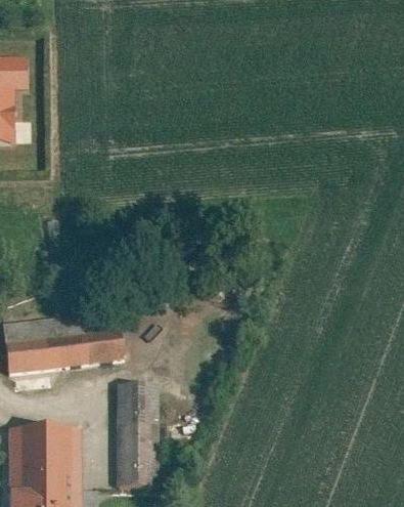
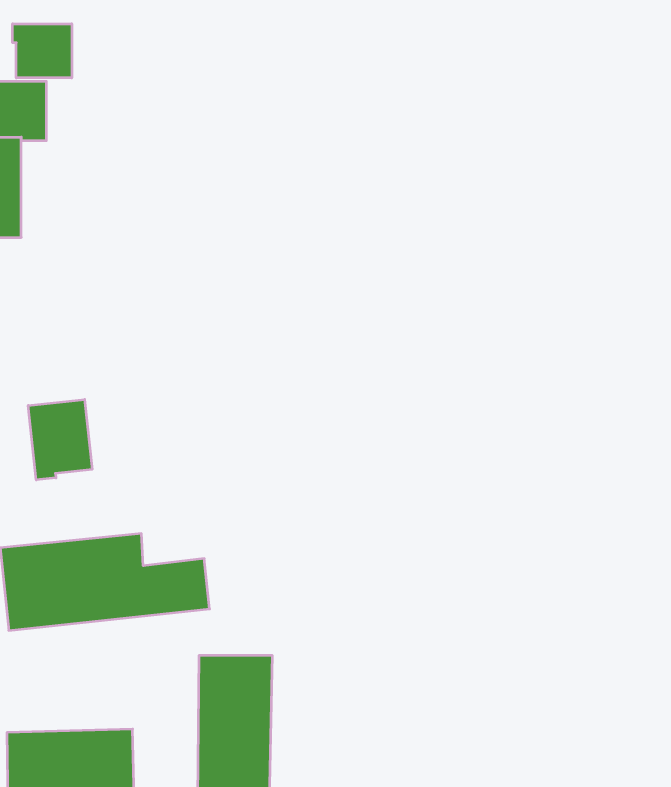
building: none -> [13,24,72,78]
building: none -> [28,399,92,480]

